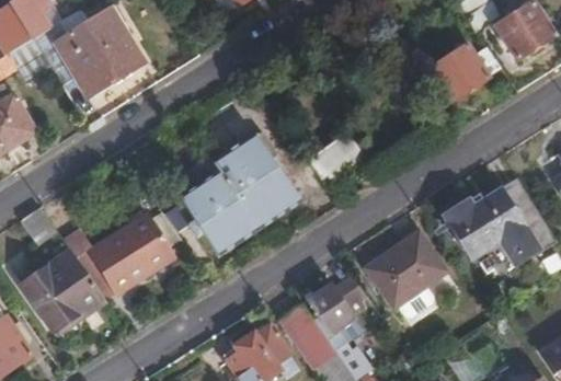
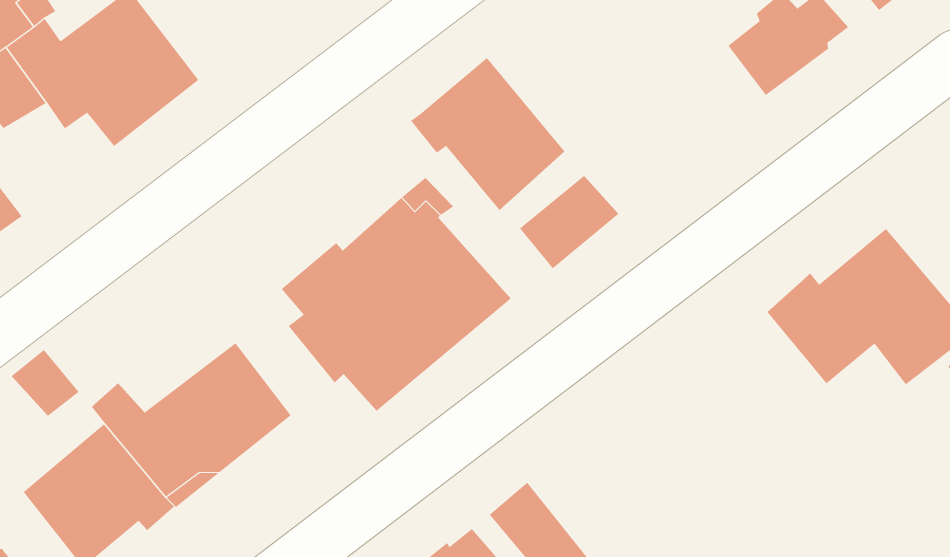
building: none -> [410,57,565,211]
building: [365,230,445,305] -> none
building: [306,272,373,334] -> none

